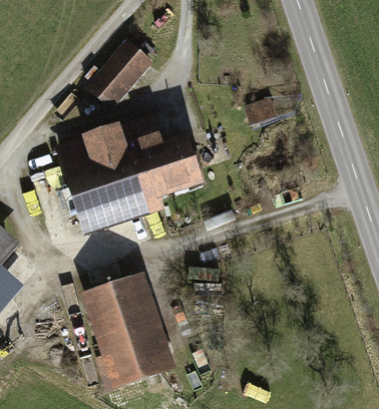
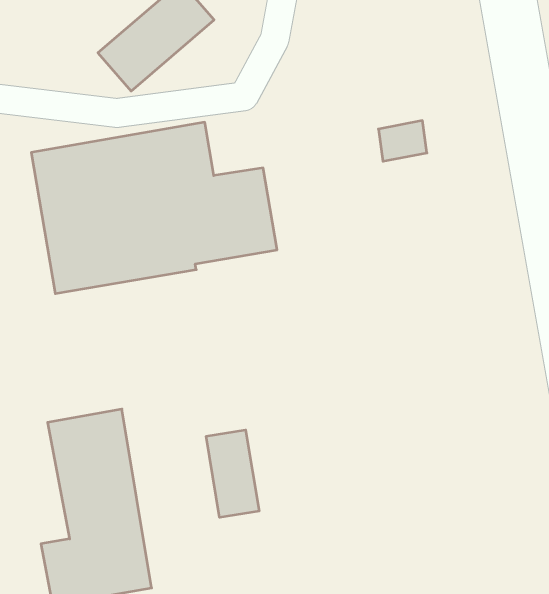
building: none -> [206,430,259,517]

